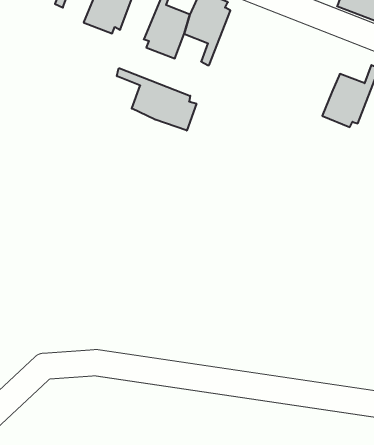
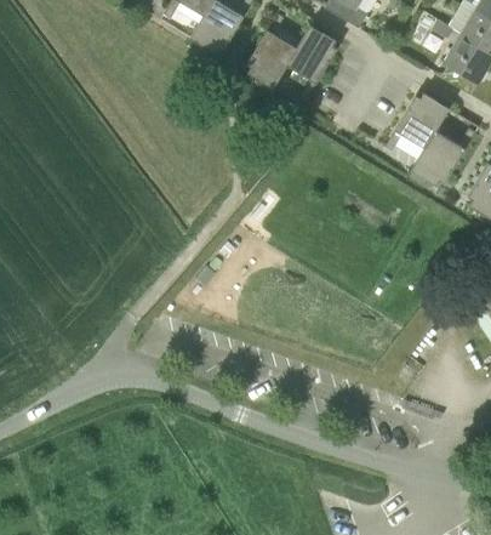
building: none -> [386,93,450,152]
building: [117,68,196,131] -> none

